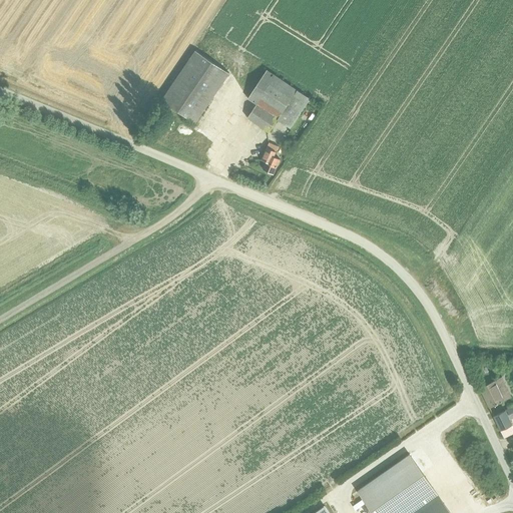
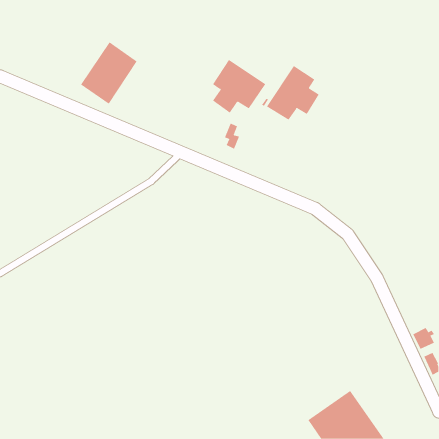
building: [161,51,228,124] -> [80,42,138,104]
building: none -> [266,65,320,121]

